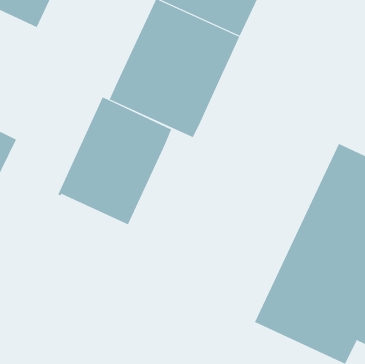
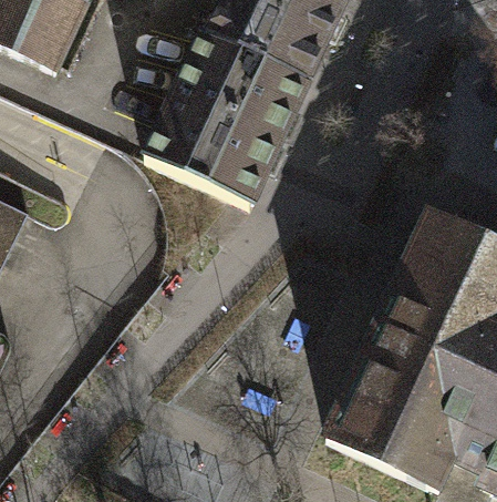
building: [58,97,172,225] -> none

